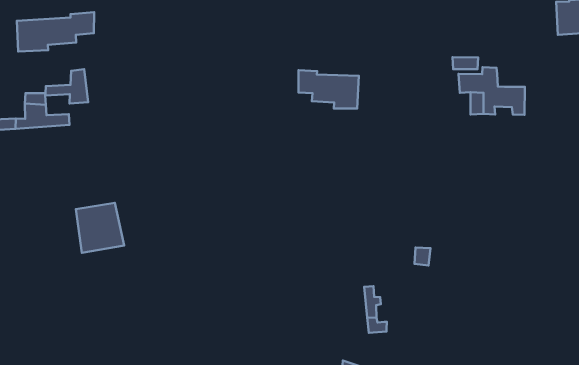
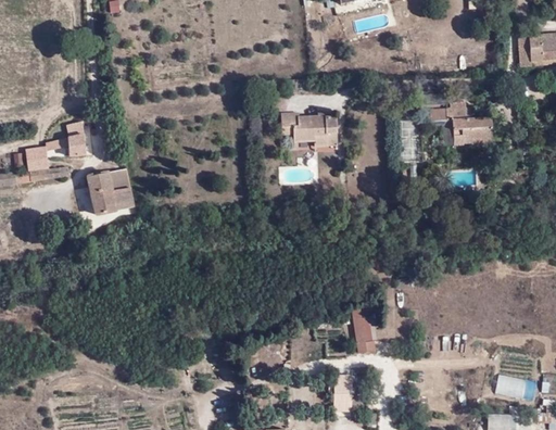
building: [17,12,94,52] -> none
building: [76,203,124,253] -> [88,167,135,215]

